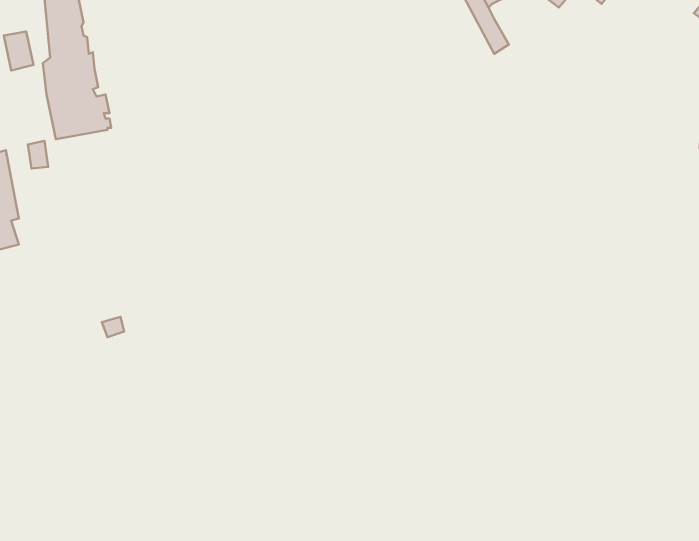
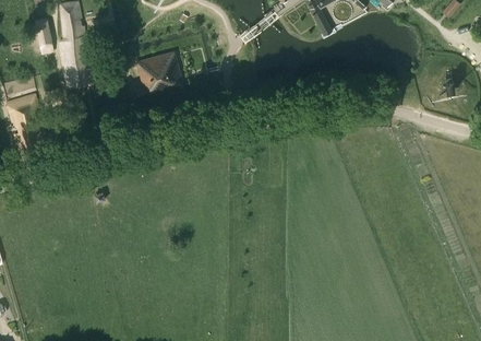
building: none -> [135,50,184,102]

